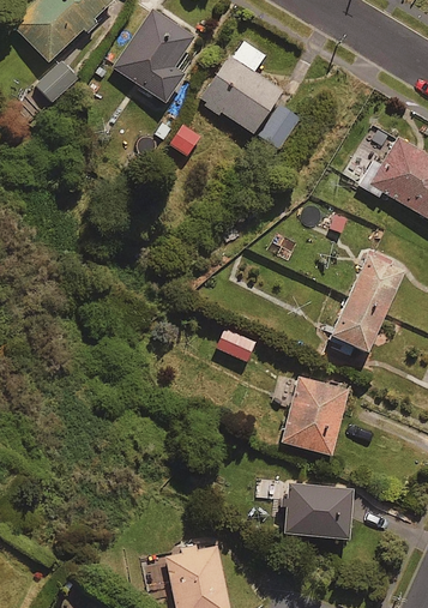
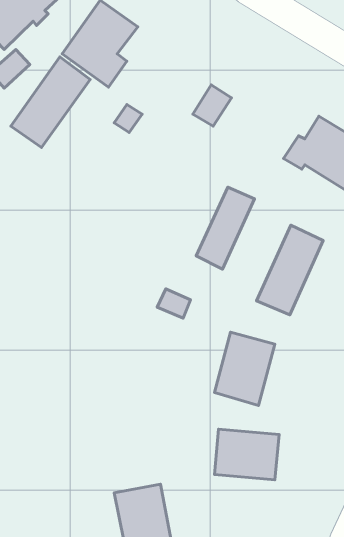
building: [200,38,282,134] -> none
building: none -> [11,57,90,147]
building: none -> [196,187,254,269]

